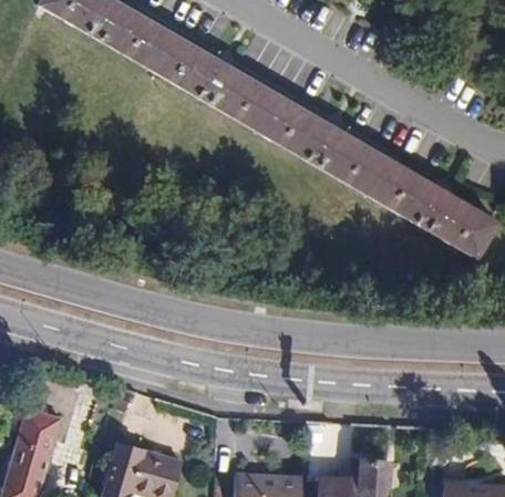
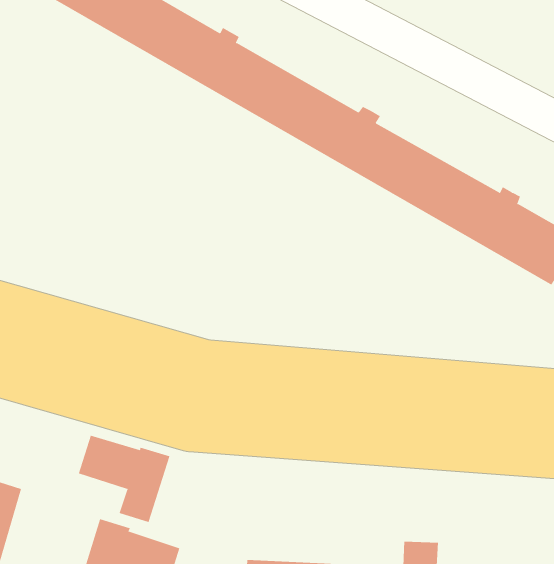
building: none -> [78,435,170,523]

